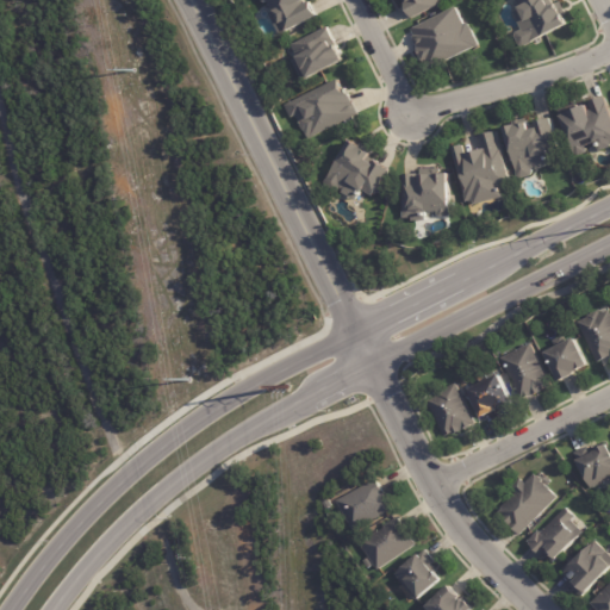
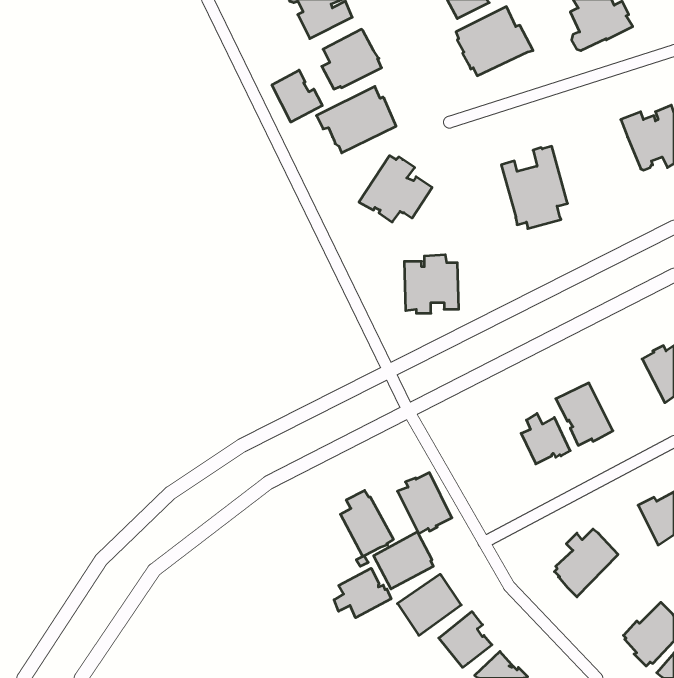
building: none -> [272,70,322,122]
building: [503,117,558,176] -> none
building: [400,168,449,220] -> [404,255,459,313]
building: [543,334,586,381] -> none
building: [424,382,473,437] -> [397,473,452,534]
building: none -> [340,490,393,556]
building: [525,508,583,564] -> none
building: none -> [334,568,391,618]

